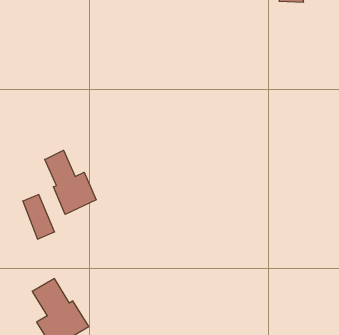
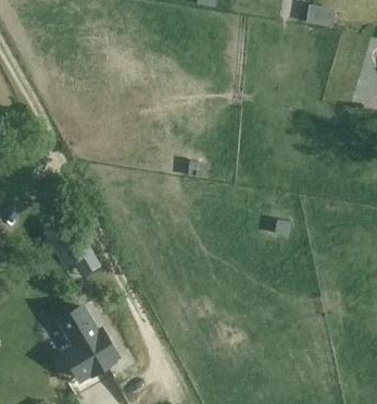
building: [45,150,96,214] -> none

